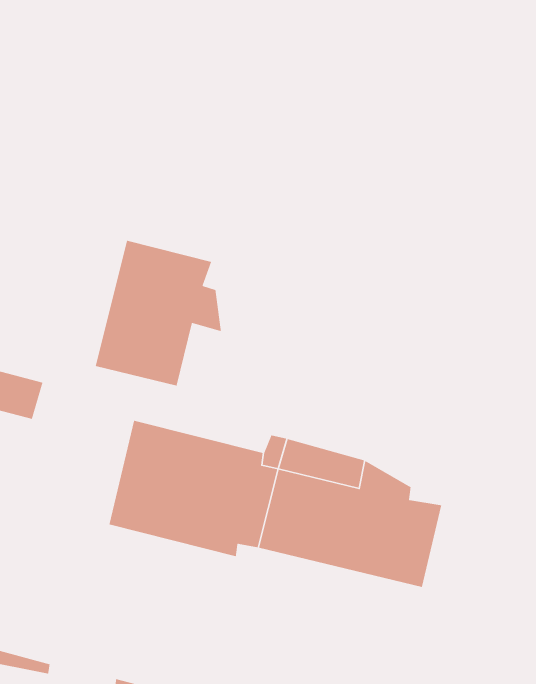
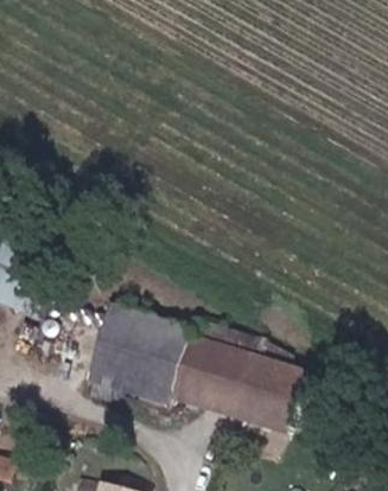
building: [95,240,222,387] -> none

